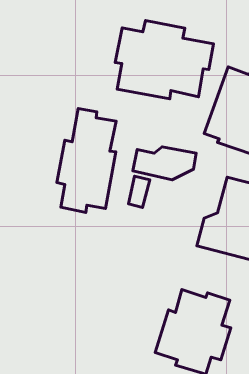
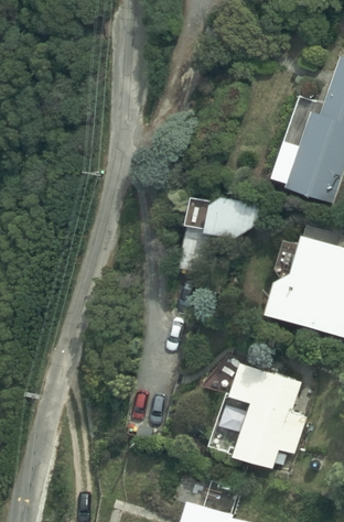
building: [115,21,213,99] -> none
building: [57,109,116,212] -> none

